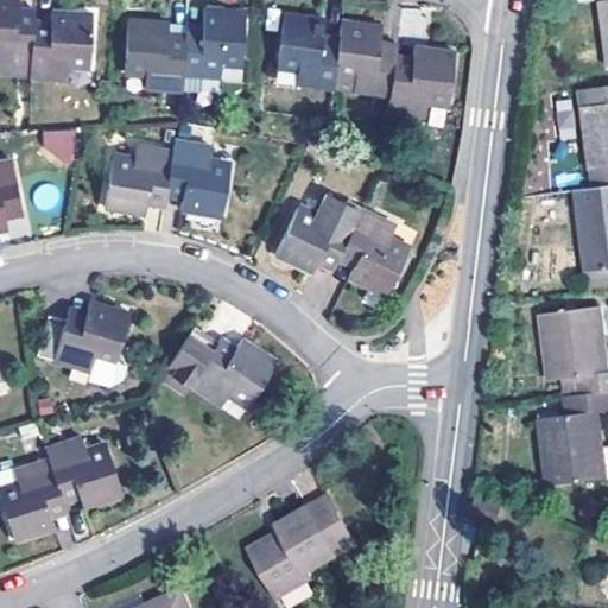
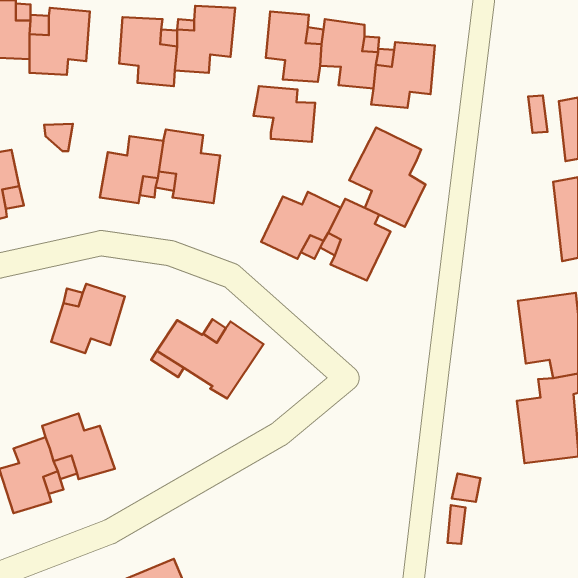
building: none -> [254,86,315,142]
building: none -> [349,127,426,227]
building: [249,496,354,596] -> none

